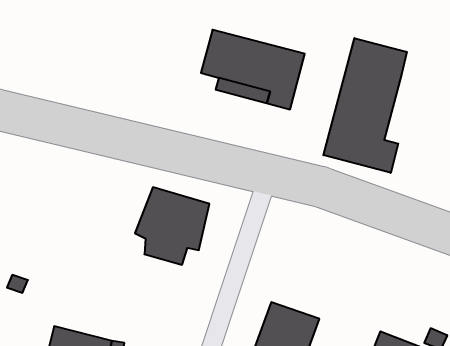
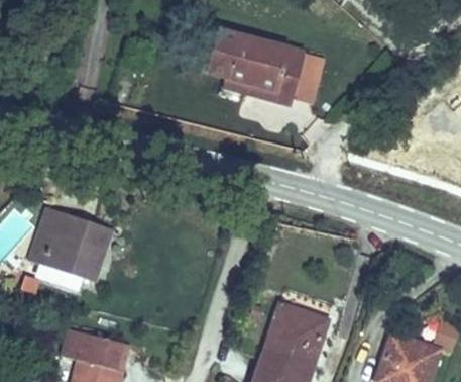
building: [323,38,407,173] -> none
building: [135,187,209,265] -> [36,213,108,288]

